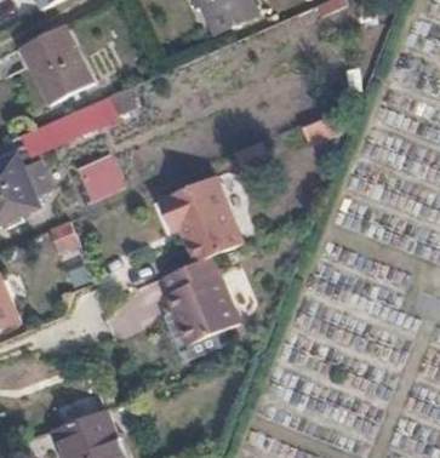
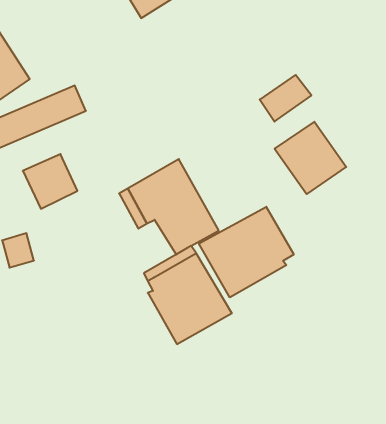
building: none -> [275,122,346,194]
building: none -> [199,207,294,297]

